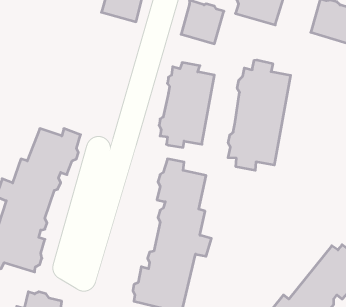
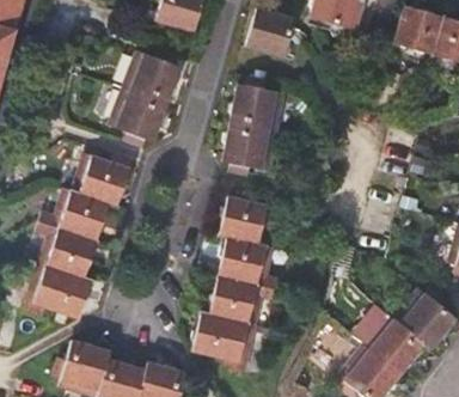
building: none -> [108,49,182,147]
building: [228,60,291,170] -> none

